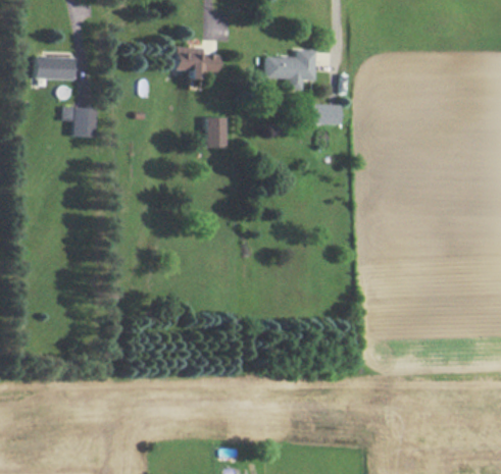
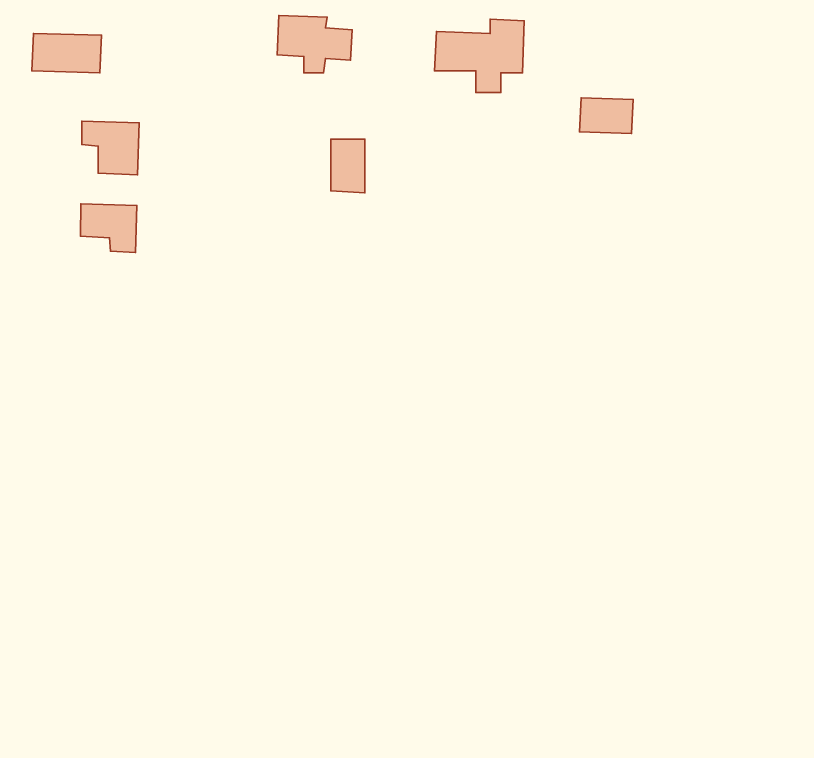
building: [311,104,342,124] -> [579,98,633,134]
building: none -> [80,204,137,253]

